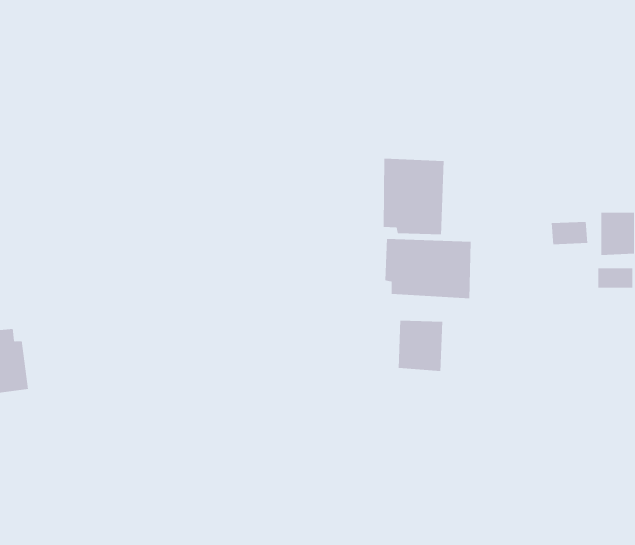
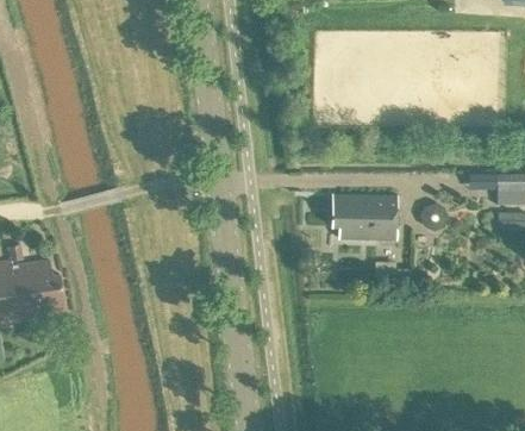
building: [383,158,444,235] -> none
building: [398,320,443,372] -> none

